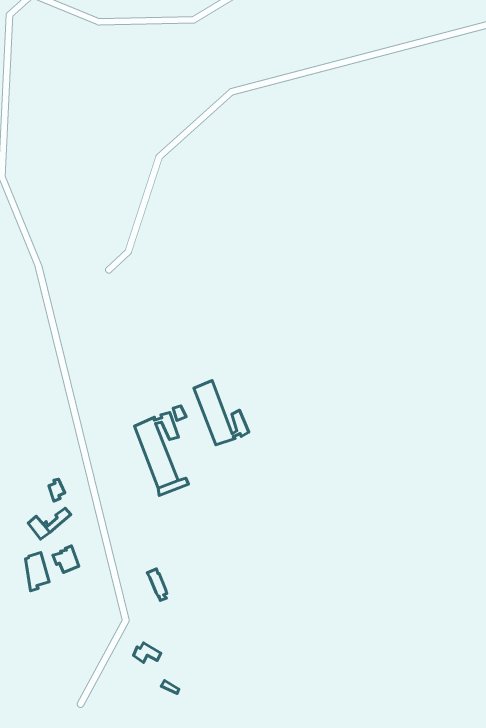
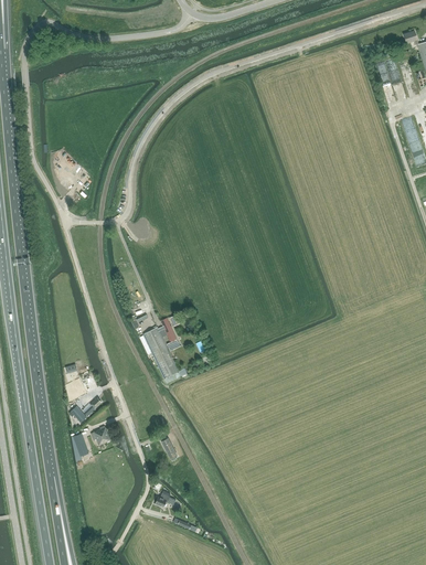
building: [194,381,249,445] -> none

